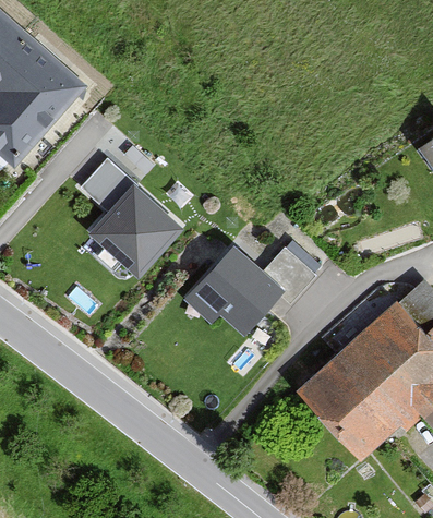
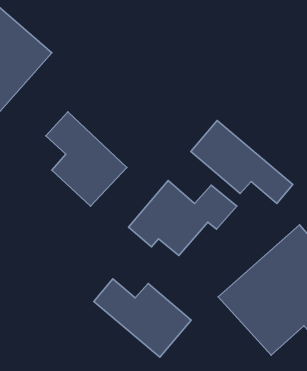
building: none -> [191,120,293,203]
building: none -> [94,279,191,357]

